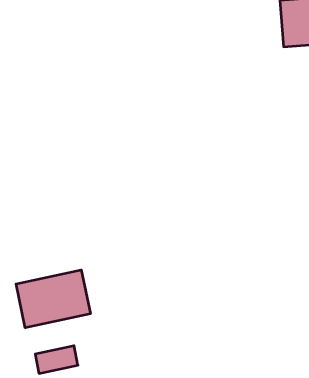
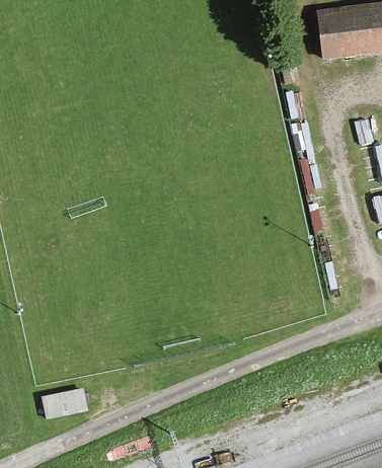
building: [16,270,90,328] -> none

